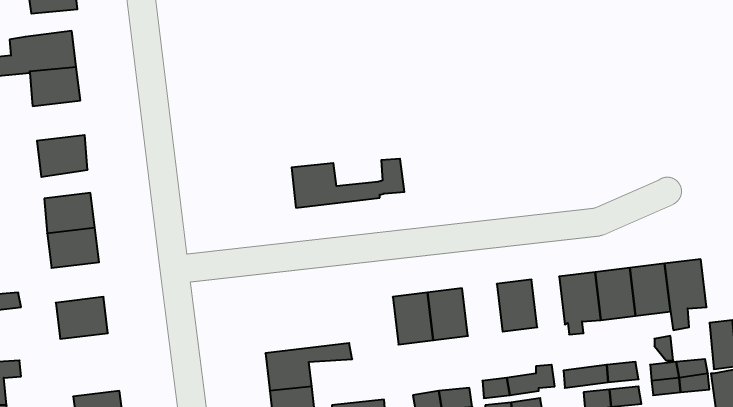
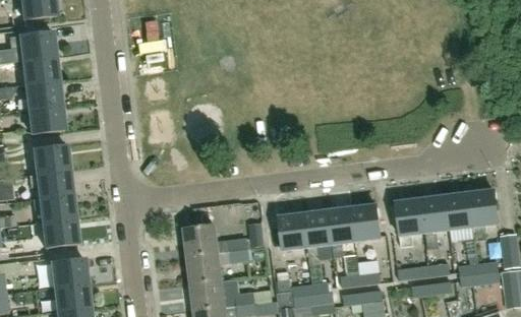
building: none -> [24,78,61,107]
building: [292,159,404,208] -> [185,221,265,256]
building: none -> [32,192,74,220]
building: none -> [327,207,355,244]
building: none -> [50,257,85,287]

